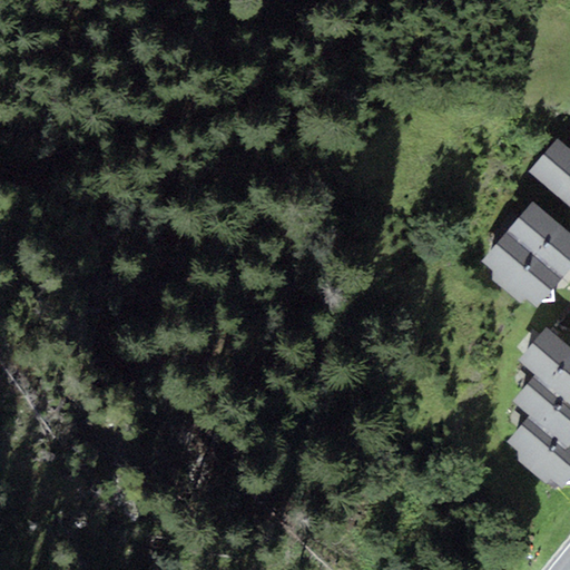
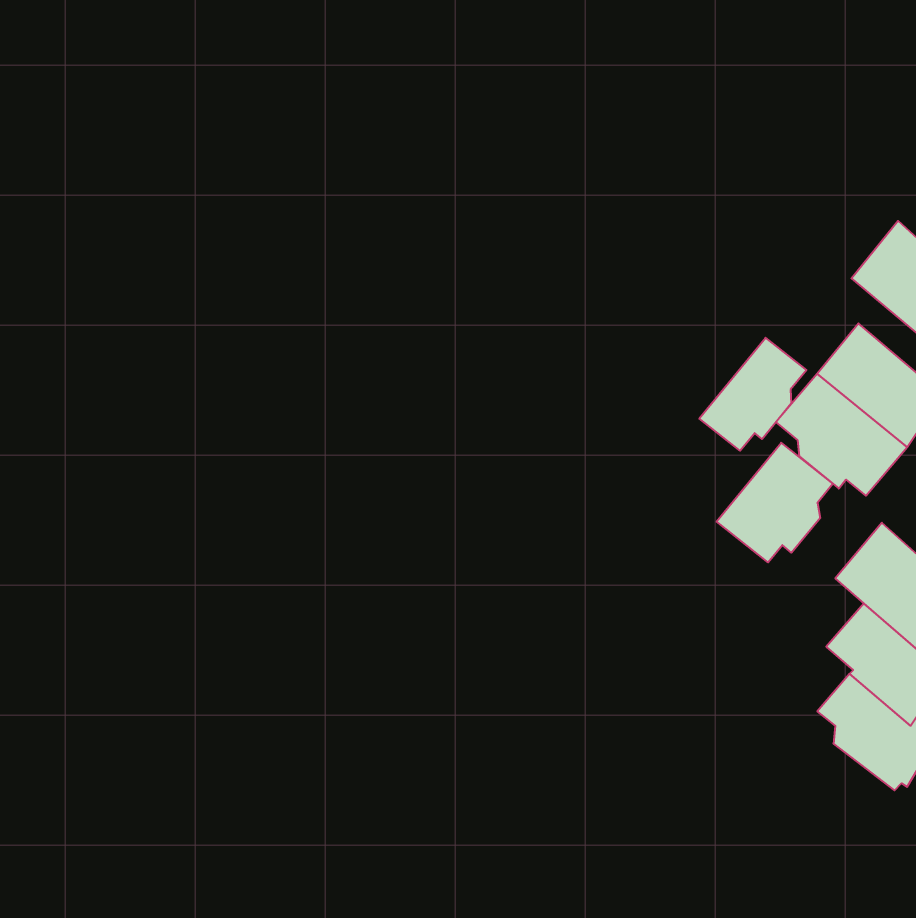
building: none -> [699,338,806,451]
building: none -> [717,443,833,562]

